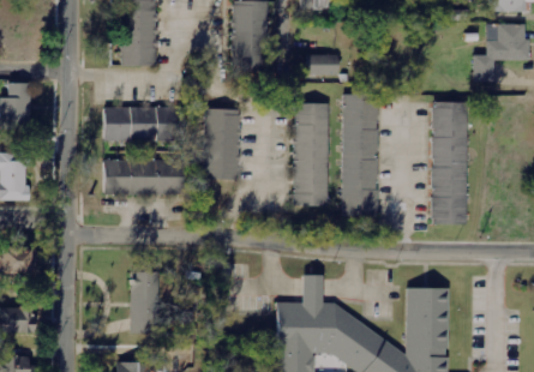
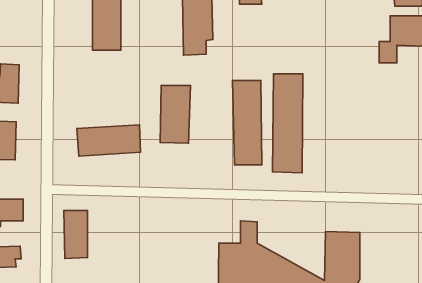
building: [306,54,338,76] -> none
building: [432,102,467,224] -> none
building: [103,107,170,142] -> none
building: [131,272,160,331] -> [64,210,87,258]

